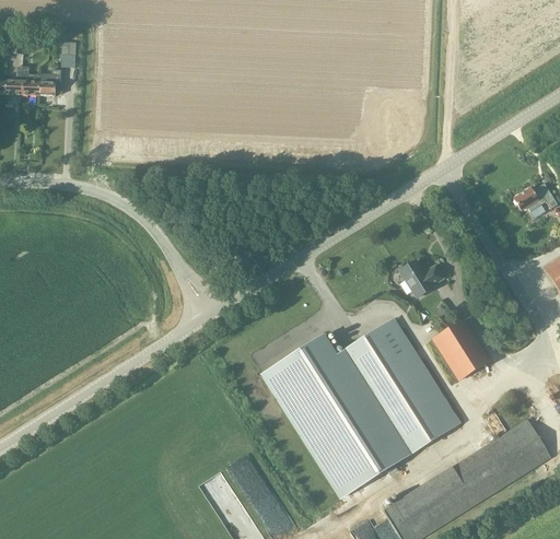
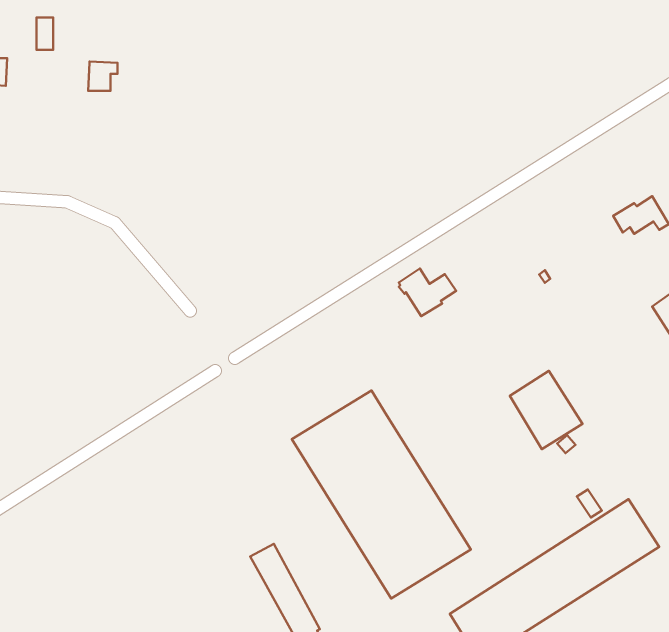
building: [38,72,61,95] -> [88,61,117,91]
building: [399,259,444,296] -> [399,269,456,316]
building: [337,319,457,458] -> none

